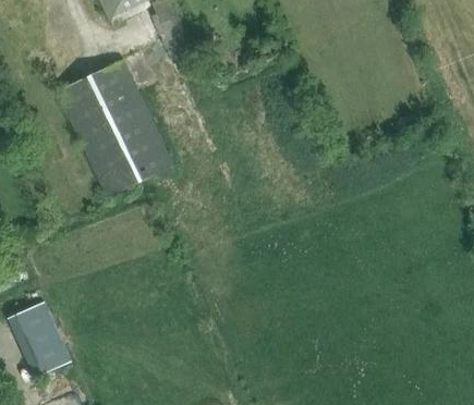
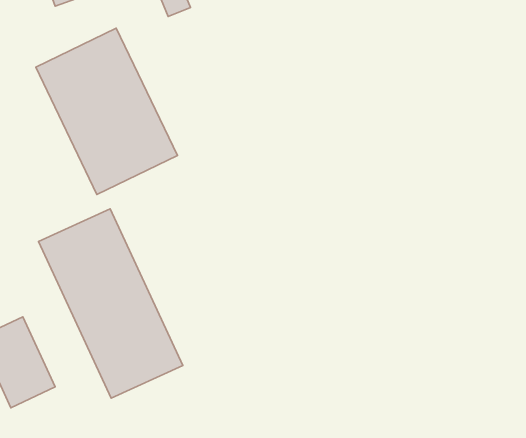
building: none -> [39,209,183,398]

